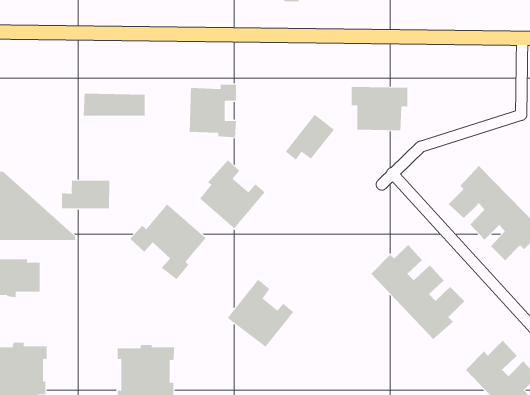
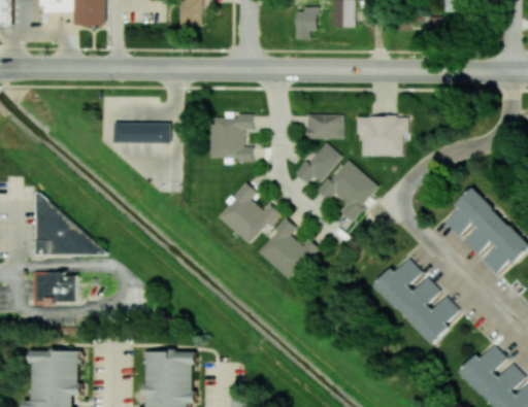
building: none -> [305,114,342,139]
building: none -> [318,159,378,221]
building: [61,180,110,209] -> none
building: [129,204,207,280] -> none
building: [227,279,294,347] -> [257,218,318,280]

